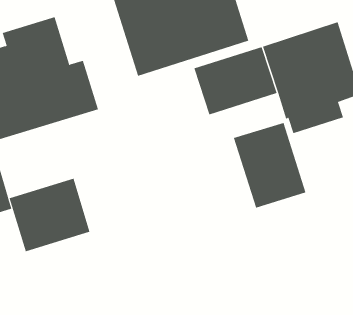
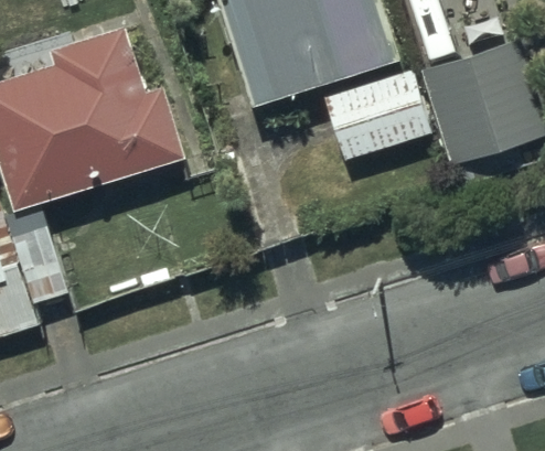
building: [233,122,306,208] -> none
building: [9,178,90,252] -> none

